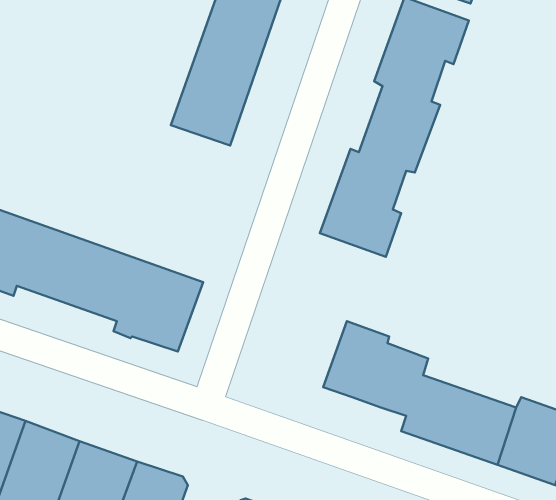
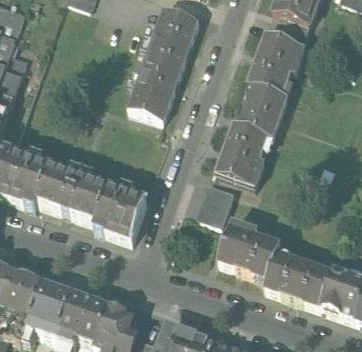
building: none -> [199,179,233,221]

